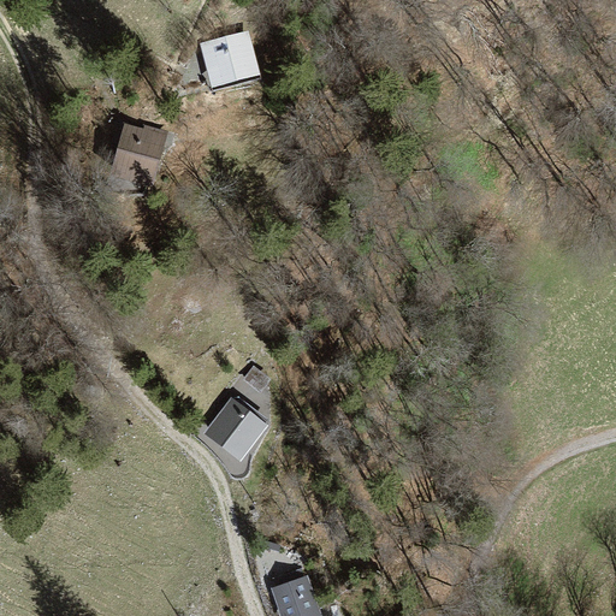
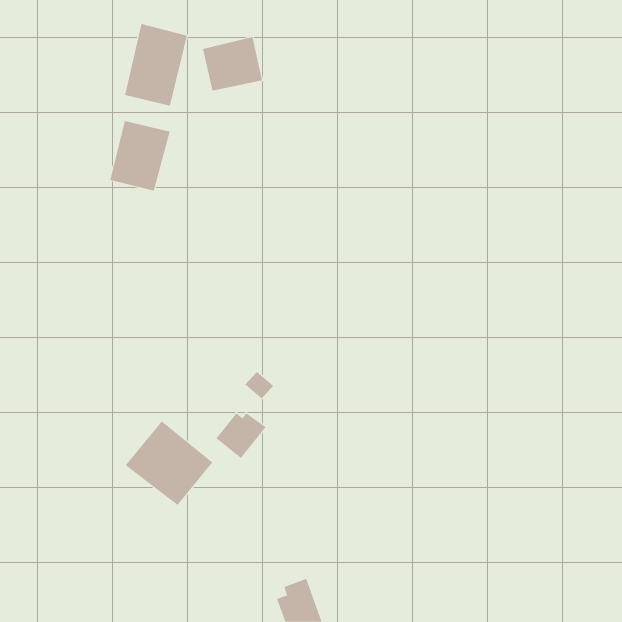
building: none -> [125,23,188,107]
building: none -> [125,421,213,506]

